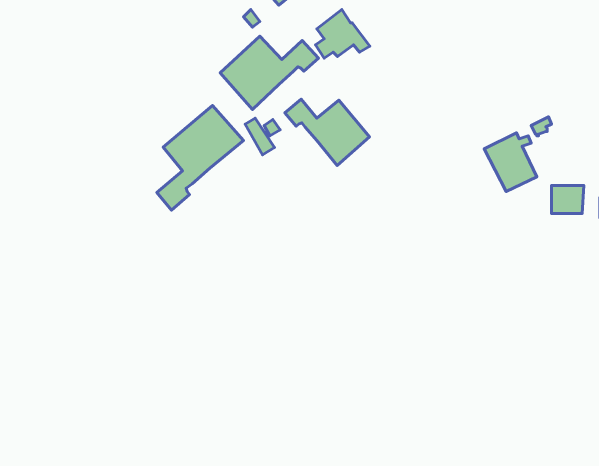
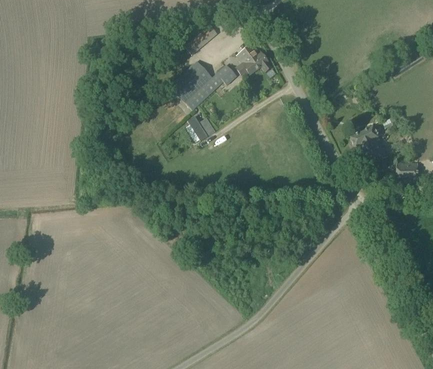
building: [285,99,370,166] -> none
building: [157,105,243,210] -> none

